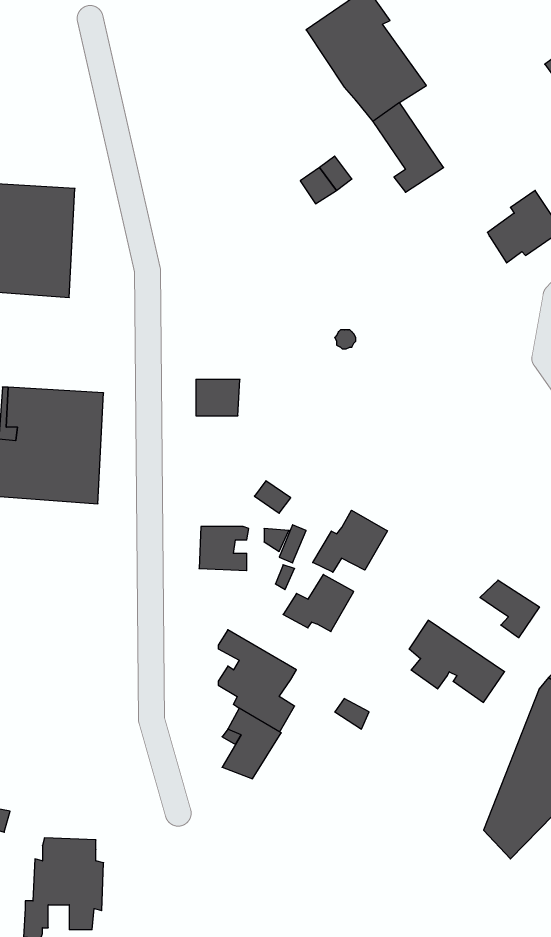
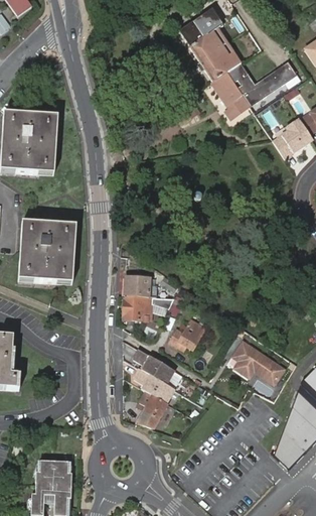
building: none -> [228,60,299,106]
building: [196,379,240,416] -> [124,275,147,294]
building: [313,510,387,572] -> none
building: [480,580,539,638] -> none

